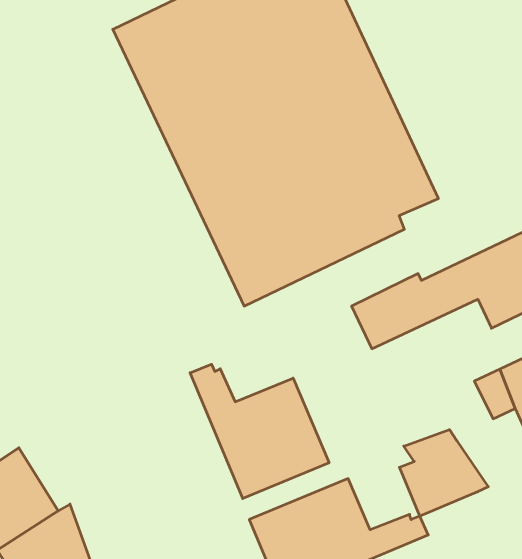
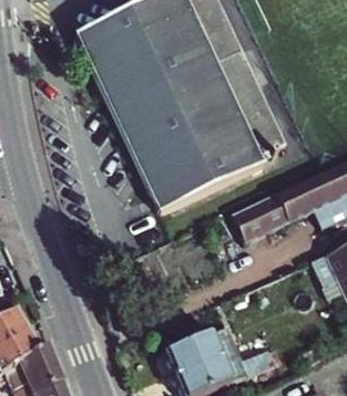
building: [190,364,329,499] -> none
building: [399,430,488,516] -> none

